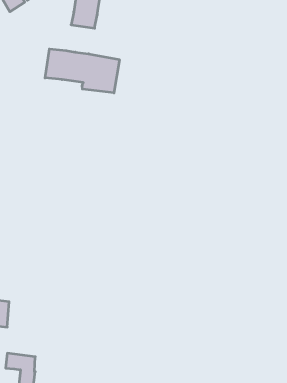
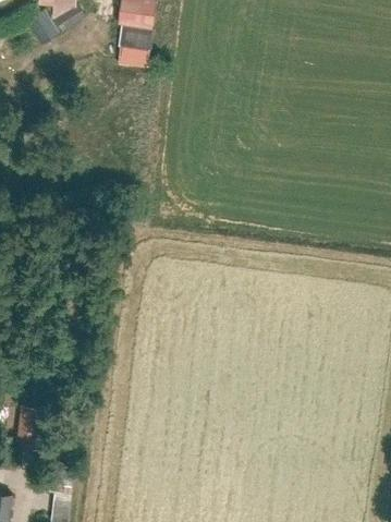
building: [45,49,119,93] -> none

